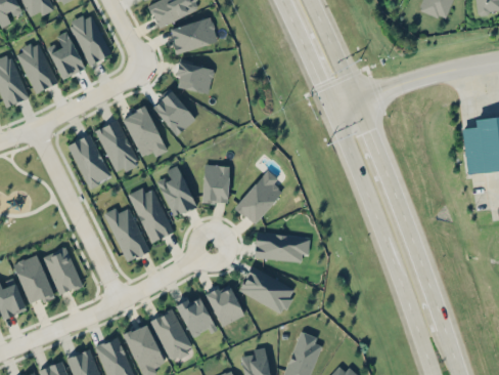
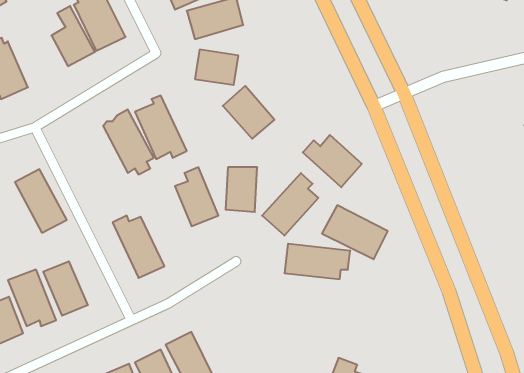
building: [17,40,62,94] -> none
building: [150,90,195,136] -> [223,86,274,139]
building: [67,132,112,188] -> [15,169,67,233]
building: none -> [303,135,362,187]
building: [129,186,172,244] -> none
building: [237,267,294,315] -> [322,205,388,259]
building: [205,286,243,327] -> none
building: [175,298,215,339] -> none

